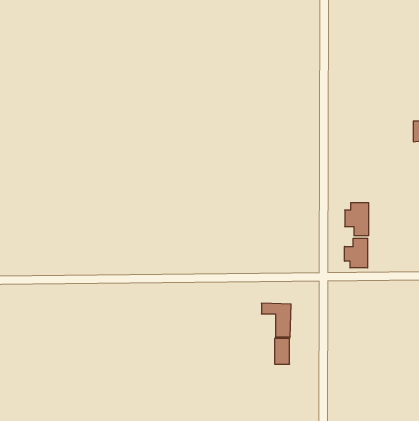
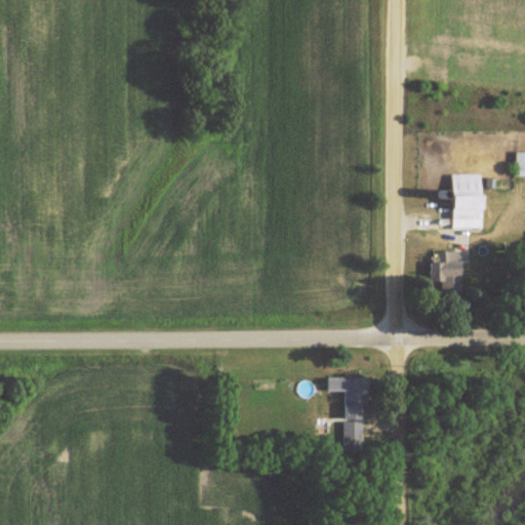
building: none -> [453,174,483,230]
building: [345,238,368,268] -> none

